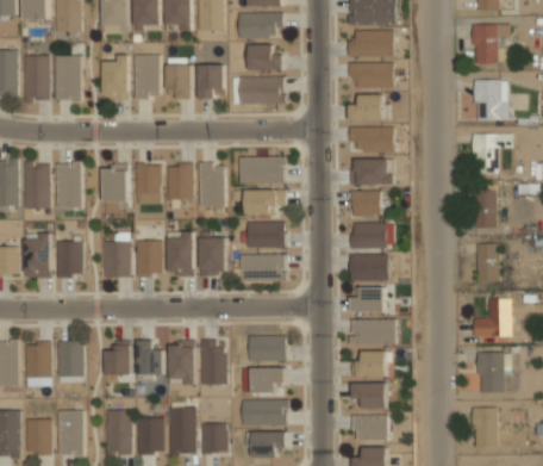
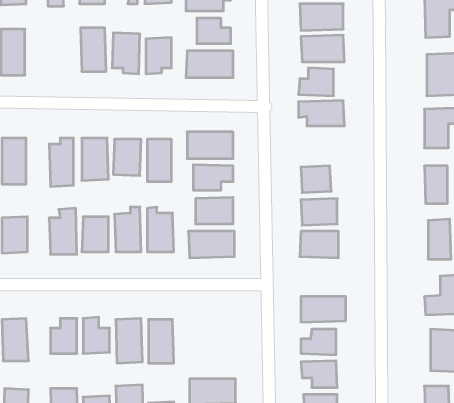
building: [101,55,127,99] -> none
building: [349,159,393,185] -> none
building: [350,287,383,312] -> none
building: [248,336,285,361] -> none
building: [251,368,285,393] -> none

